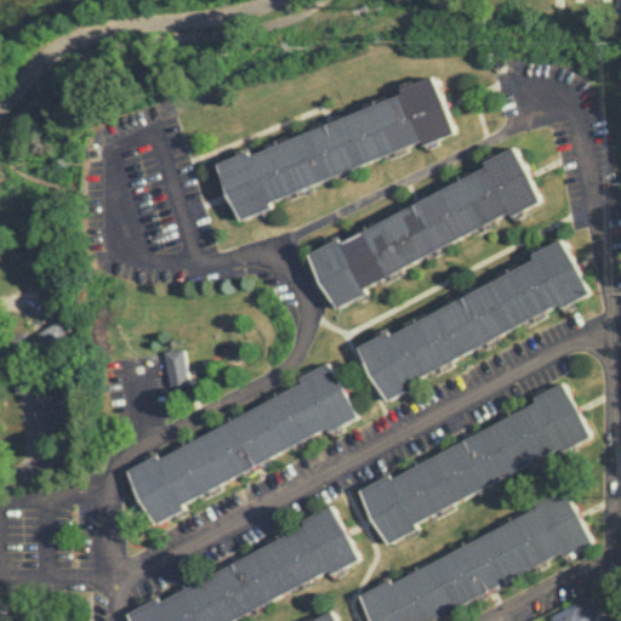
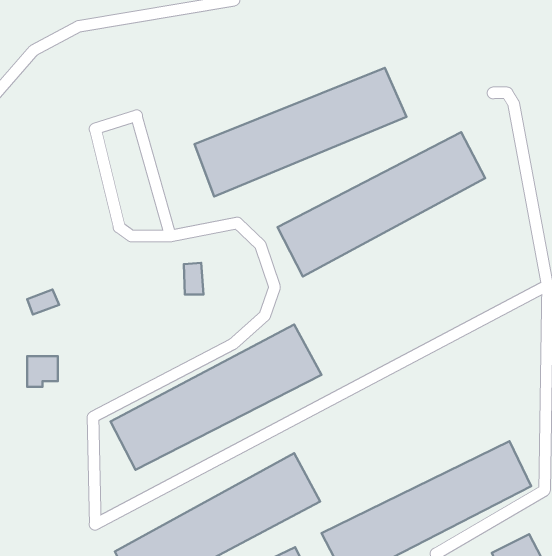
building: [357,240,587,403] -> none
building: [164,351,186,386] -> [184,263,203,295]
building: [357,384,588,545] -> none

